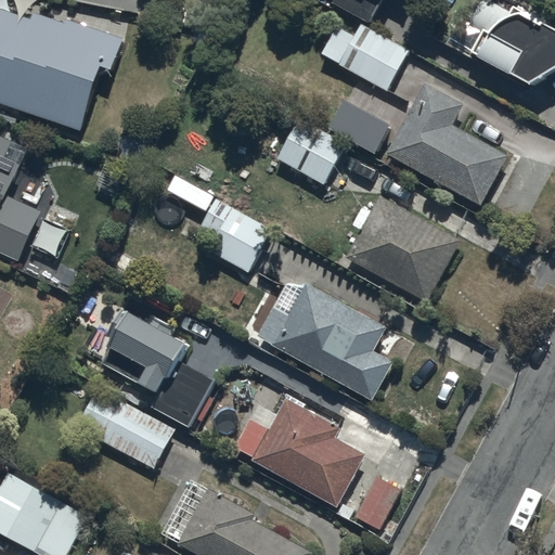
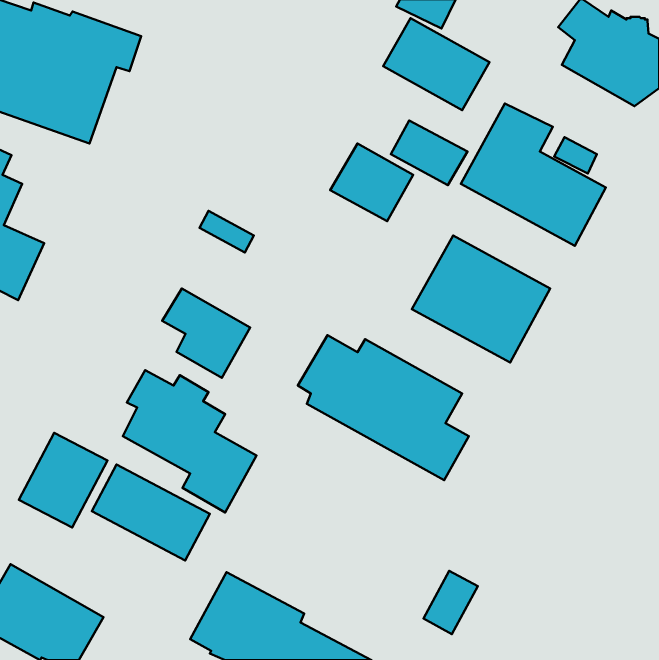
building: [198,199,272,274] -> [162,289,250,378]
building: none -> [19,433,107,527]
building: [234,398,366,509] -> none

